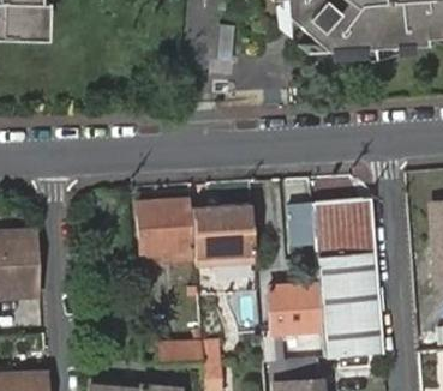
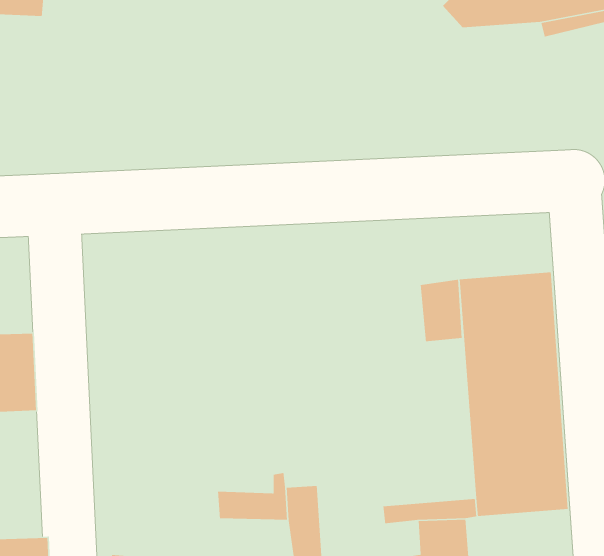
building: [139,196,192,260] -> none
building: [196,201,257,264] -> none
building: [270,287,319,333] -> none

